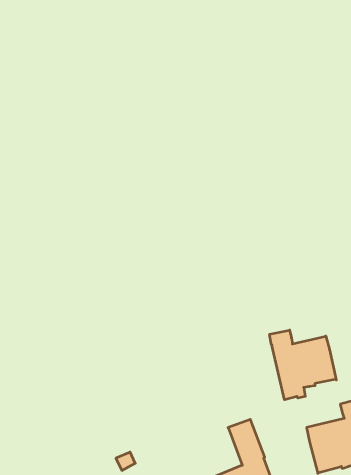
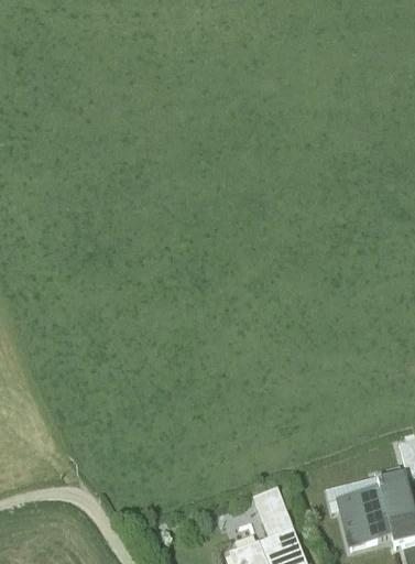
building: [270,330,336,400] -> none

